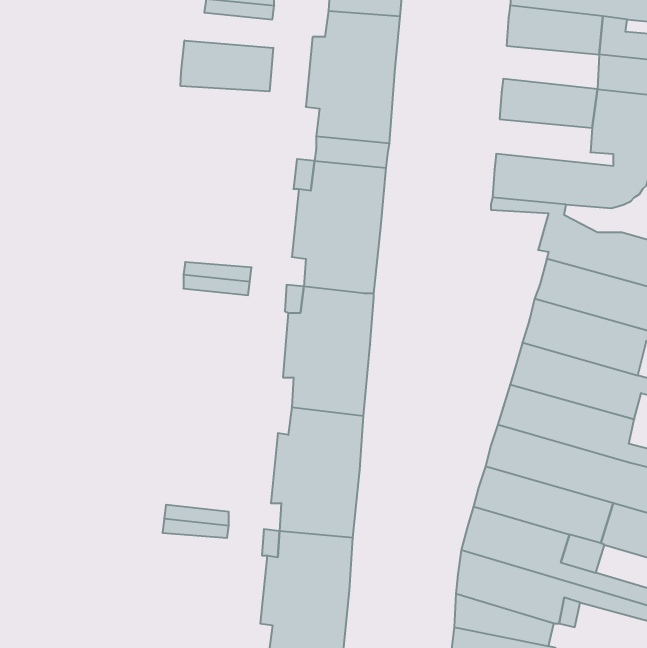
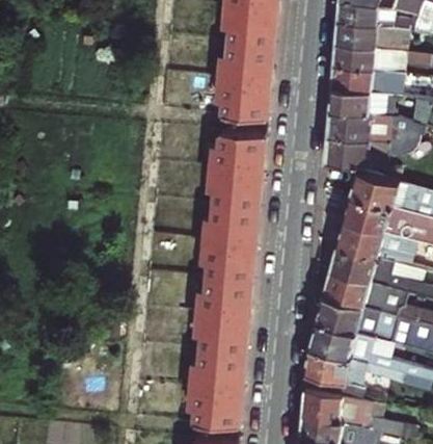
building: [181,40,273,91] -> none
building: none -> [333,52,390,78]
building: none -> [329,96,399,124]

